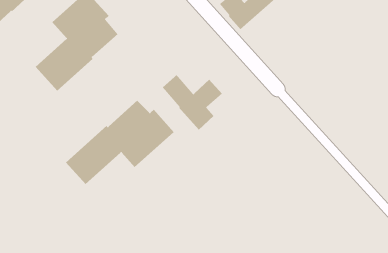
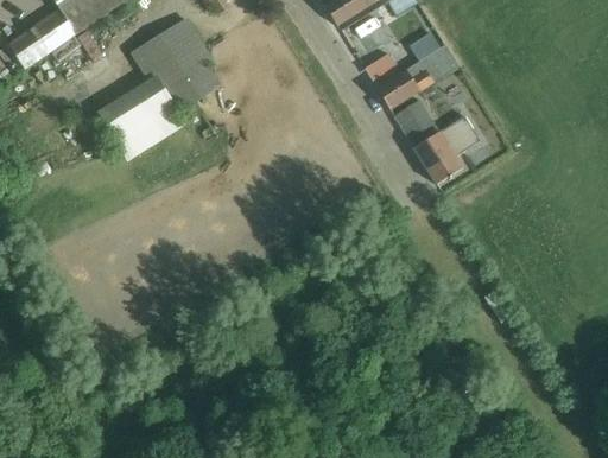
building: [162,74,223,130] -> [395,100,479,183]
building: [65,100,174,185] -> none

